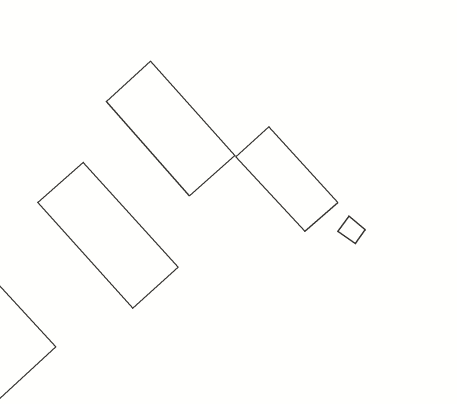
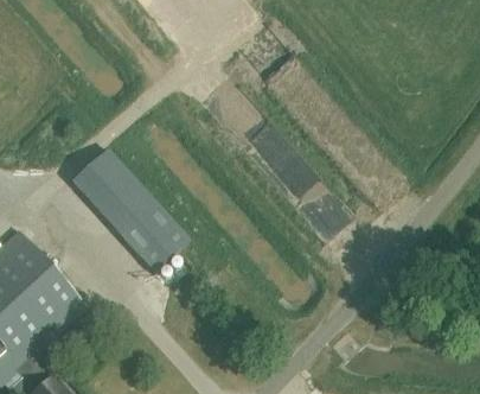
building: [106,61,235,196] -> none

